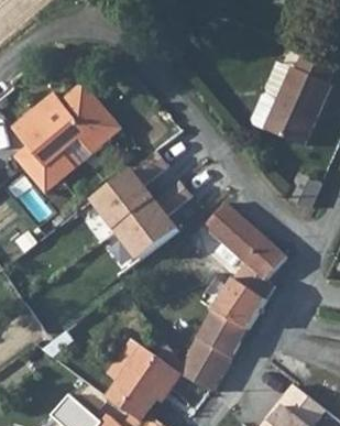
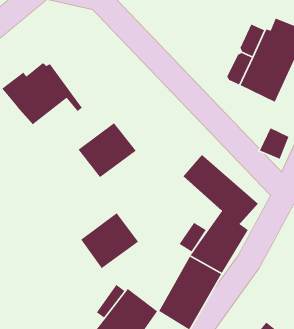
building: [61,89,120,153] -> none
building: [12,143,90,197] -> none
building: [114,199,178,261] -> [80,212,139,269]

